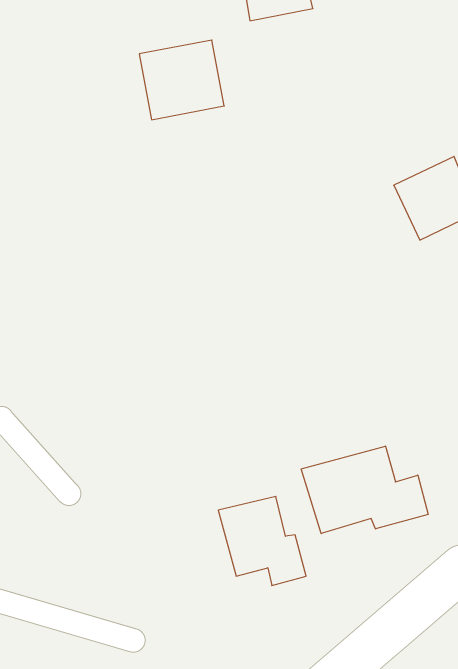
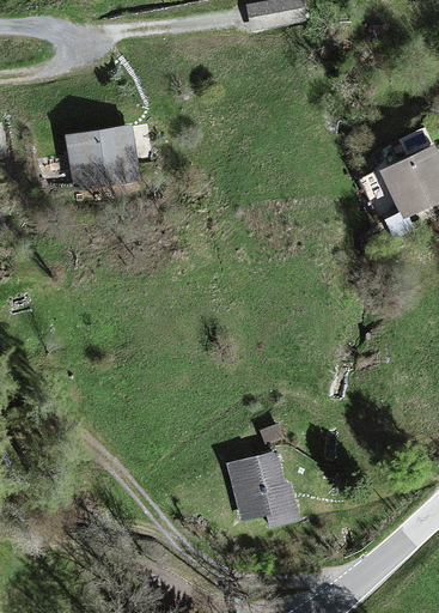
building: [139,40,224,120] -> [66,123,140,193]
building: [301,446,428,534] -> none

